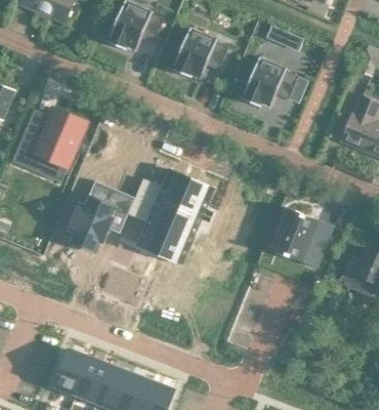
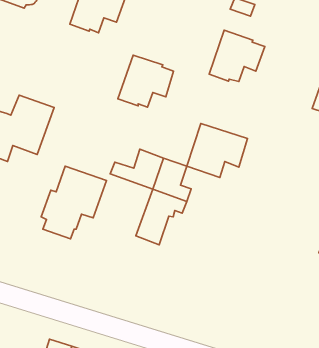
building: [171,27,227,79] -> [118,55,174,107]
building: [128,191,178,253] -> none
building: [269,208,331,262] -> [187,124,247,178]

